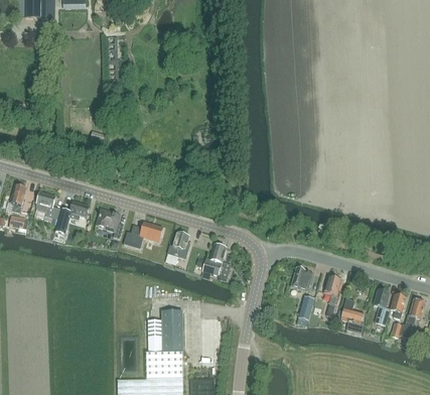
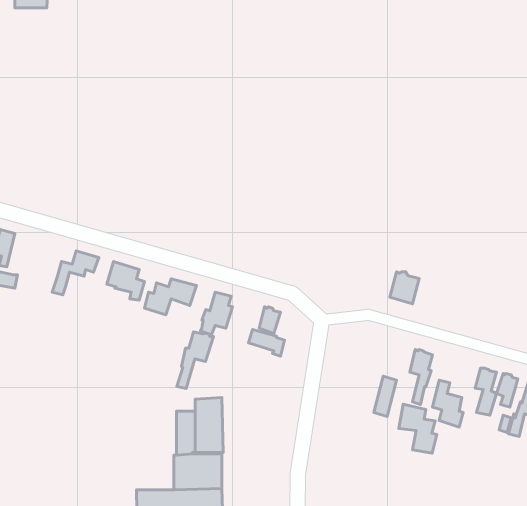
building: [35,191,61,220] -> none
building: none -> [177,332,213,388]
building: [291,267,313,291] -> [390,272,419,304]
building: none -> [399,404,437,453]

